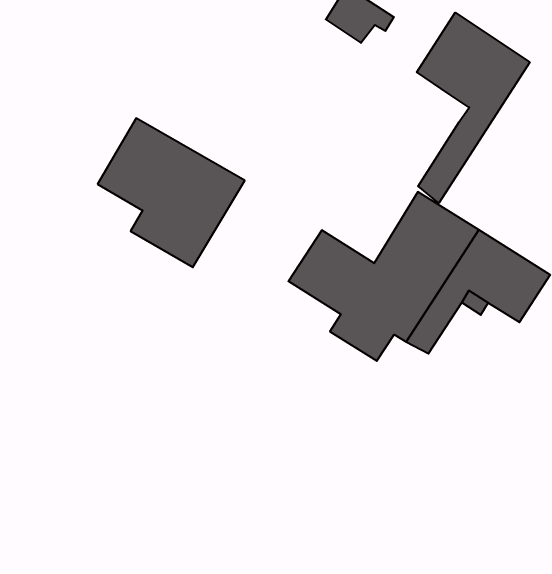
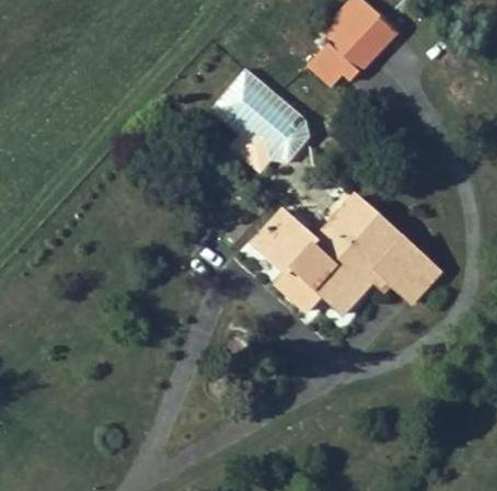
building: [417,13,530,203] -> none
building: [98,118,245,267] -> [210,67,314,179]

